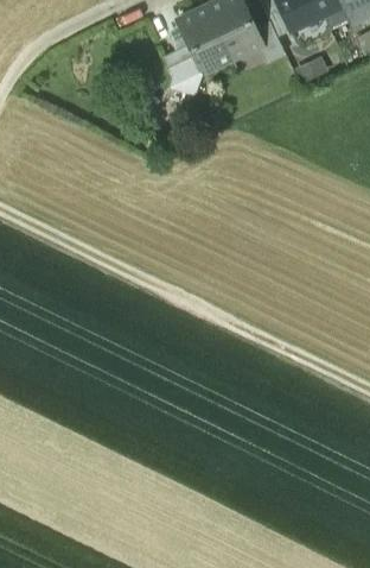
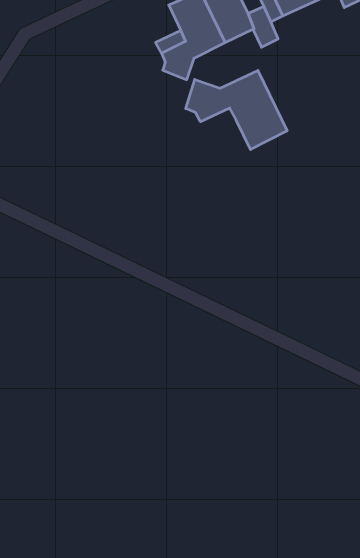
building: none -> [186,70,287,150]

